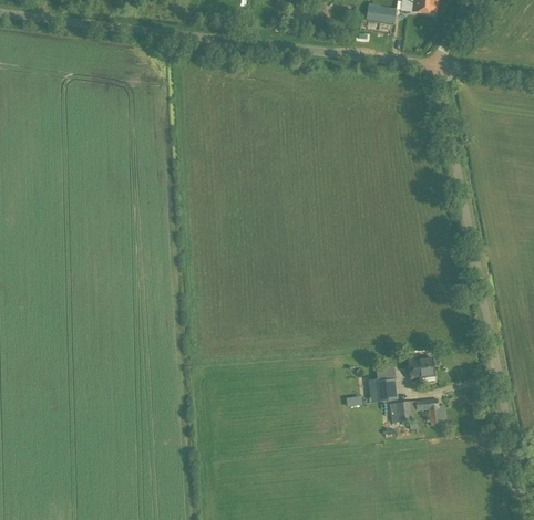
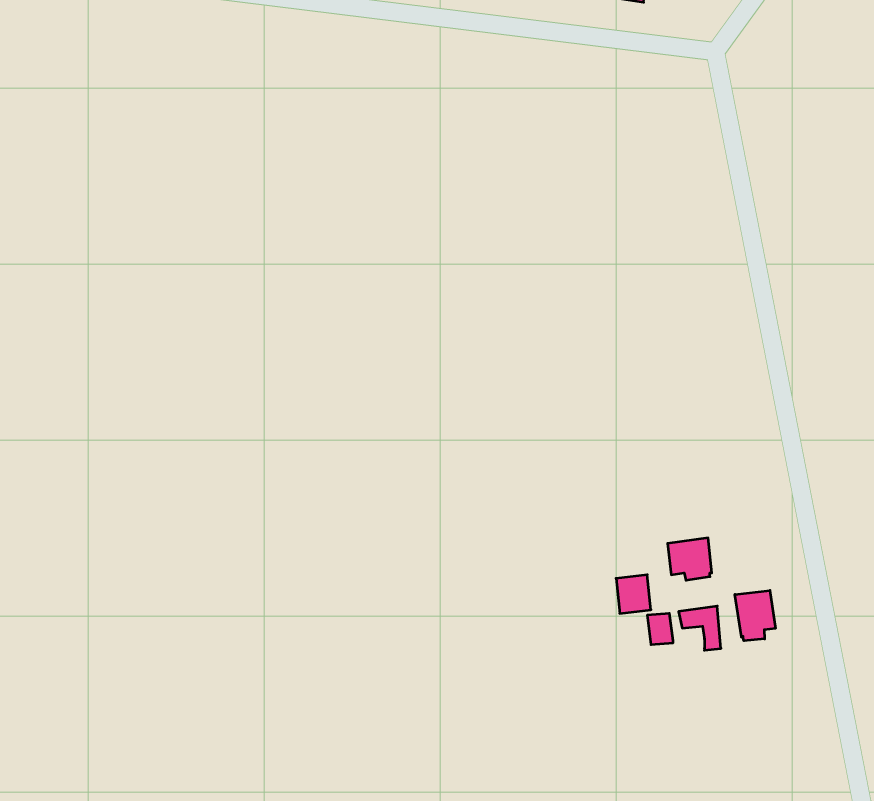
building: none -> [735,590,775,641]

